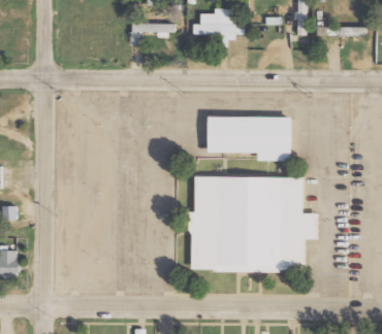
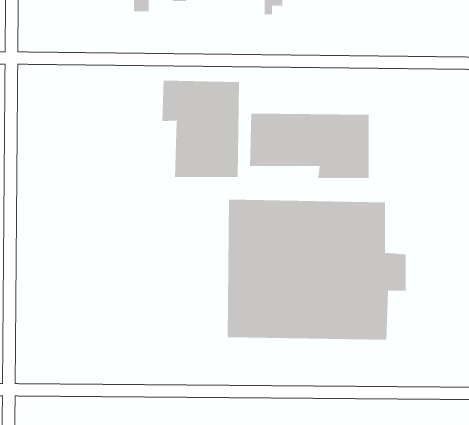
building: none -> [162,80,239,178]

